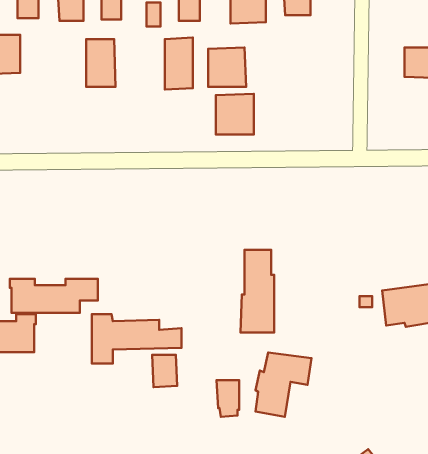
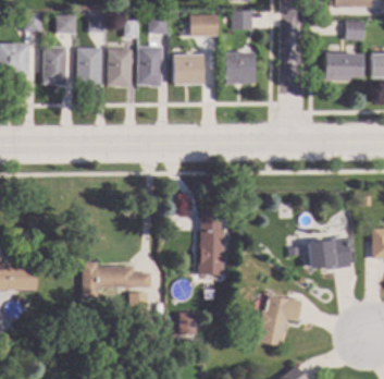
building: none -> [45,46,66,84]
building: none -> [109,48,131,86]
building: [216,94,254,134] -> [224,51,253,83]
building: [10,279,98,313] -> none
building: [255,352,312,417] -> [260,295,304,345]

